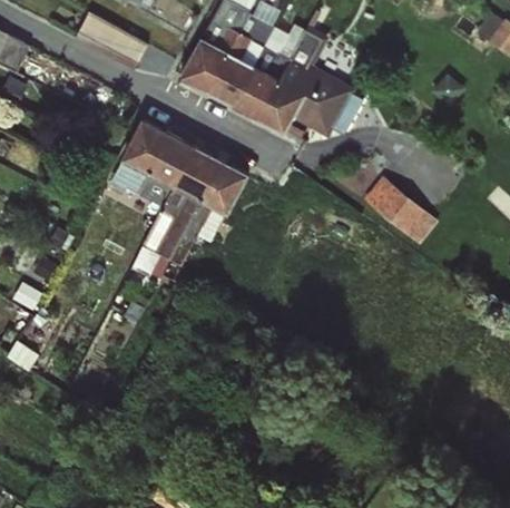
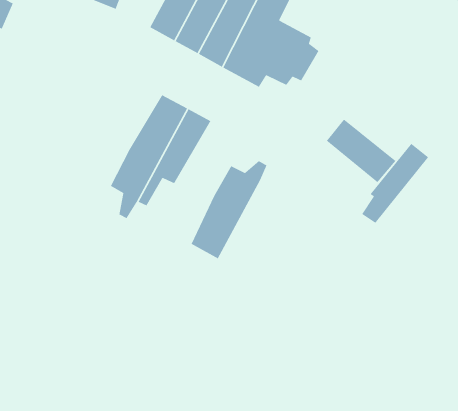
building: [107,120,193,206] -> none
building: none -> [361,143,429,224]
building: none -> [191,160,268,259]

